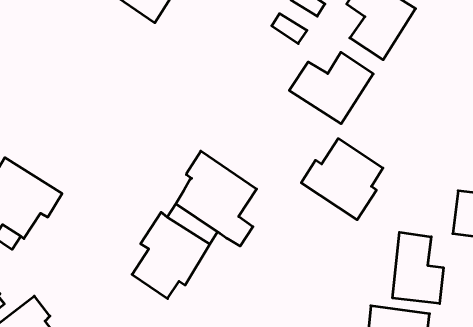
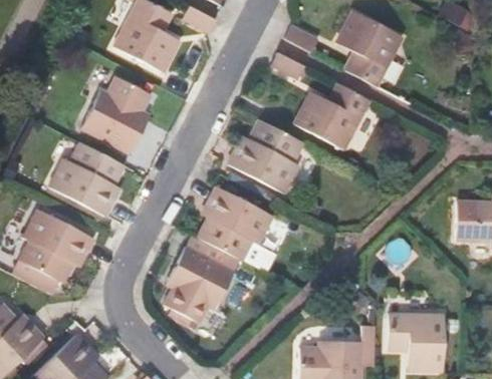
building: none -> [81,74,152,151]
building: none -> [49,141,124,215]
building: [301,139,383,220] -> [229,118,303,192]
building: [393,232,443,304] -> none

